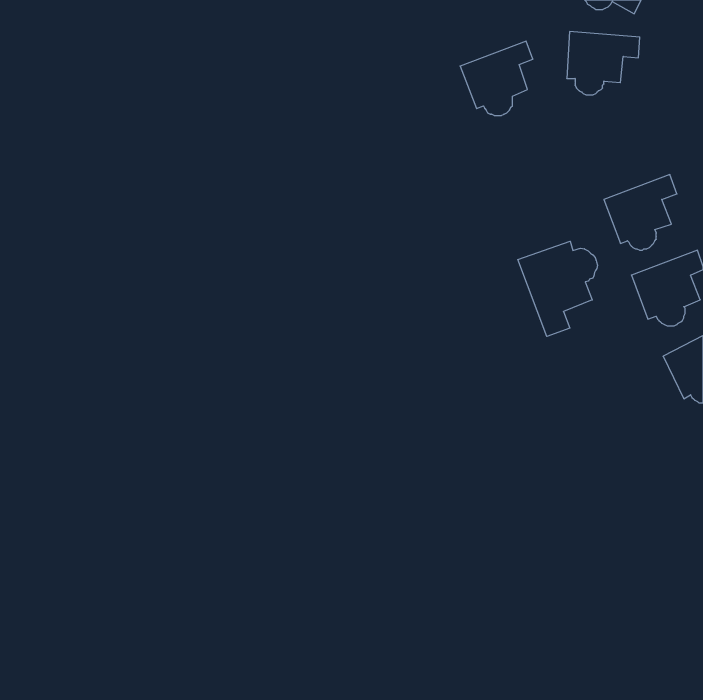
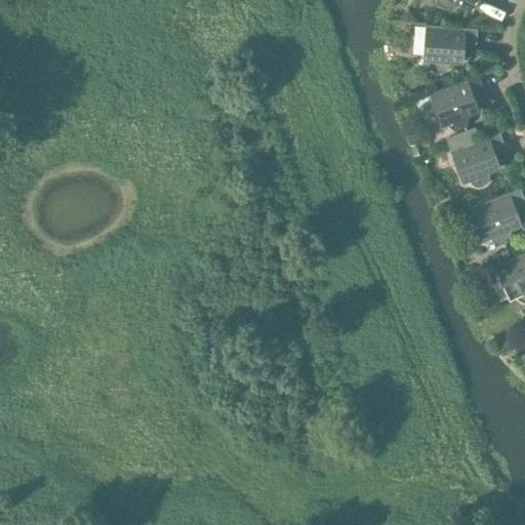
building: [460,41,533,116] -> [429,76,483,131]
building: [518,241,597,336] -> none

